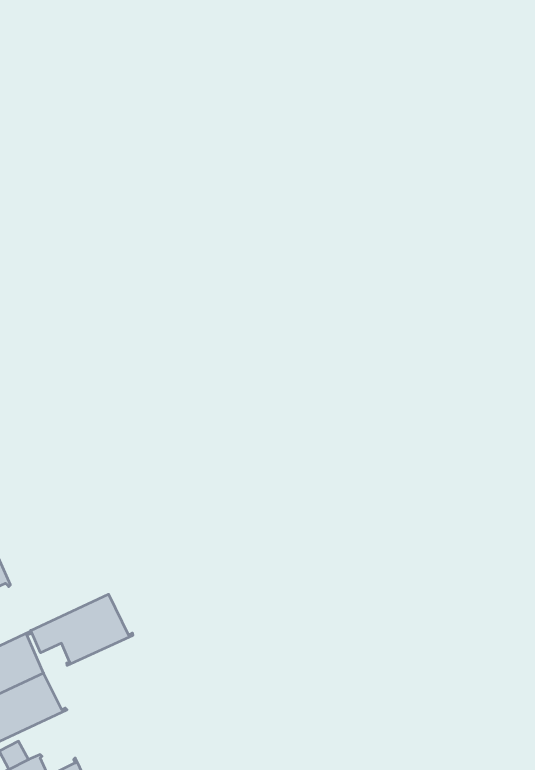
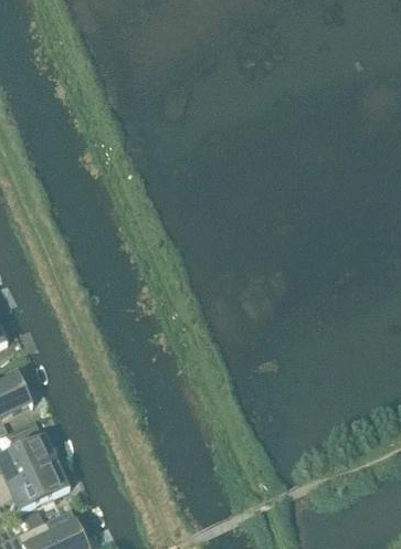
building: [31,594,133,665] -> none

